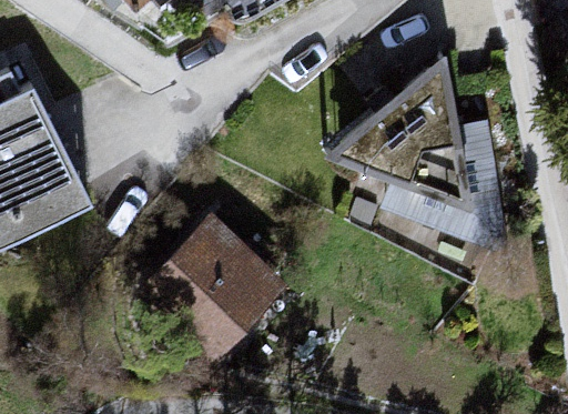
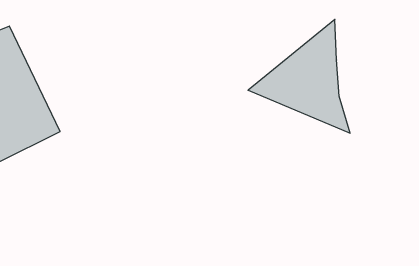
building: [140,220,284,366] -> none

